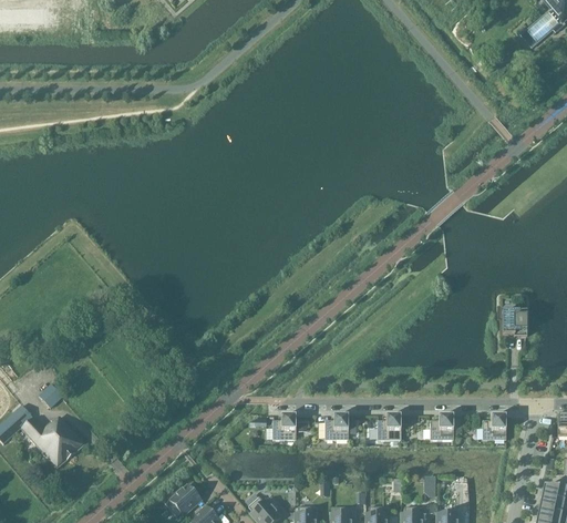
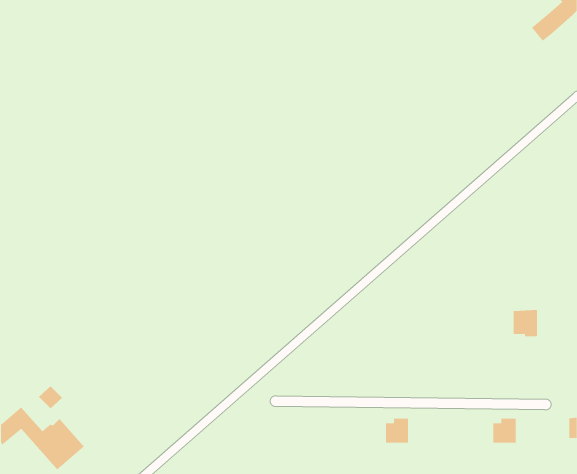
building: [272,416,296,440] -> none
building: [324,416,348,440] -> none
building: [430,416,453,440] -> none

